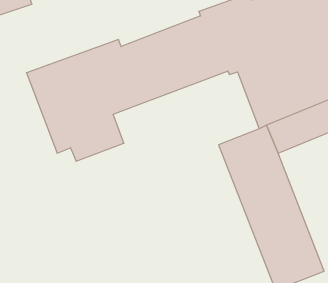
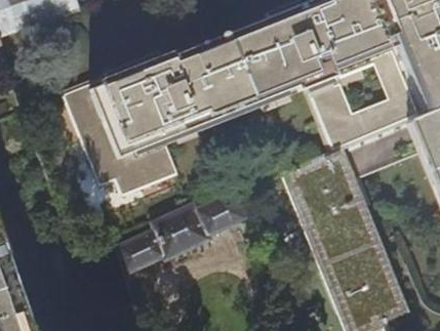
building: none -> [117,191,244,280]

